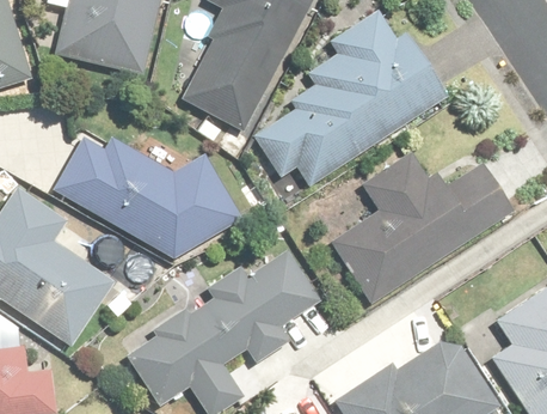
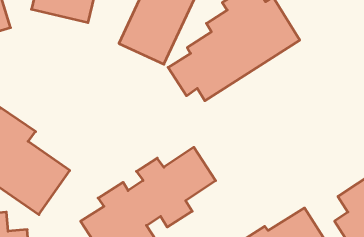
building: [59,139,232,256] -> none
building: [332,159,511,302] -> none

